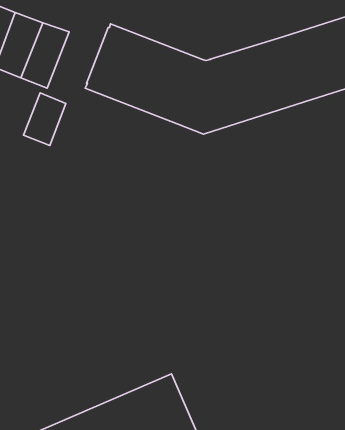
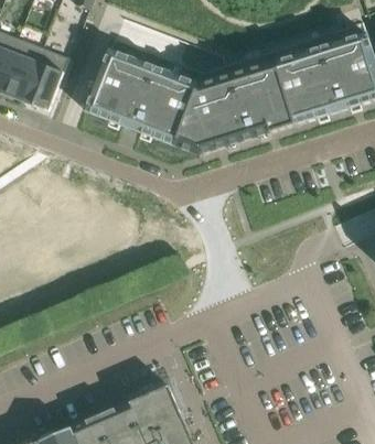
building: [24,93,66,145] -> none

